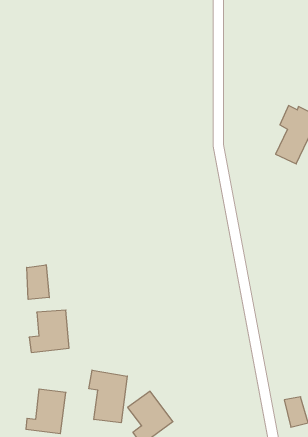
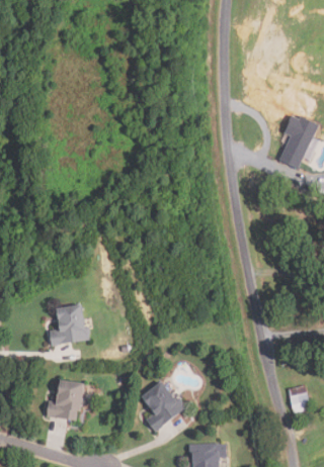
building: [27,265,49,299] -> none
building: [89,370,127,423] -> none

